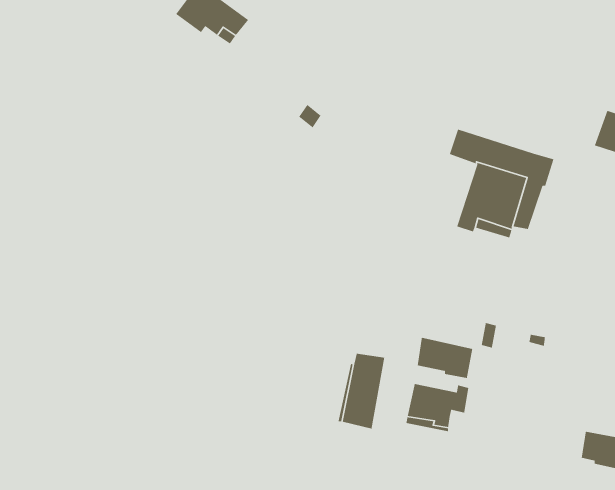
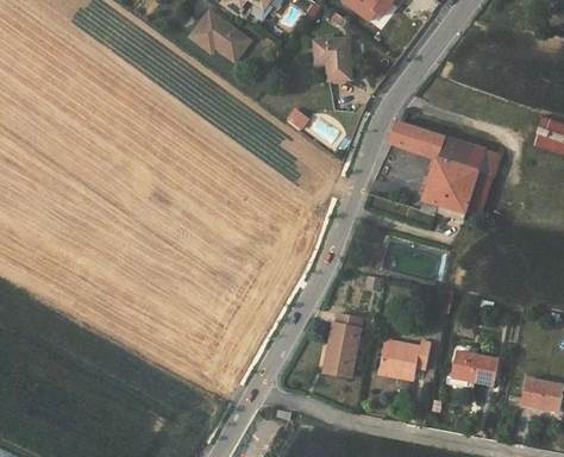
building: none -> [314,38,351,79]
building: none -> [389,121,421,151]
building: [417,337,473,379] -> [452,350,499,384]

